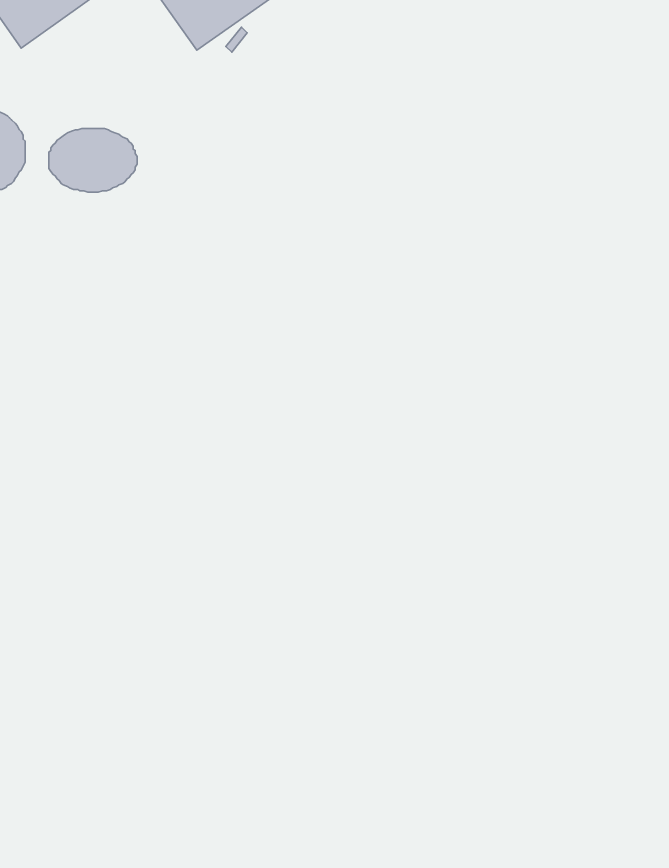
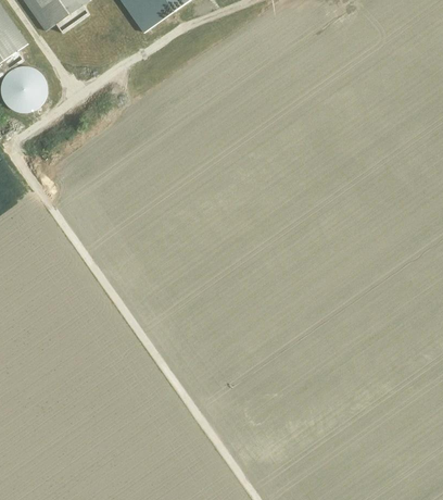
building: [49,128,137,192] -> none

